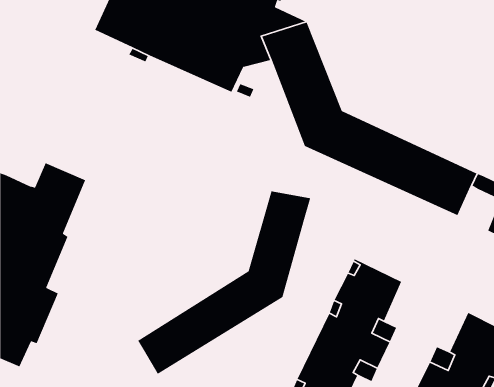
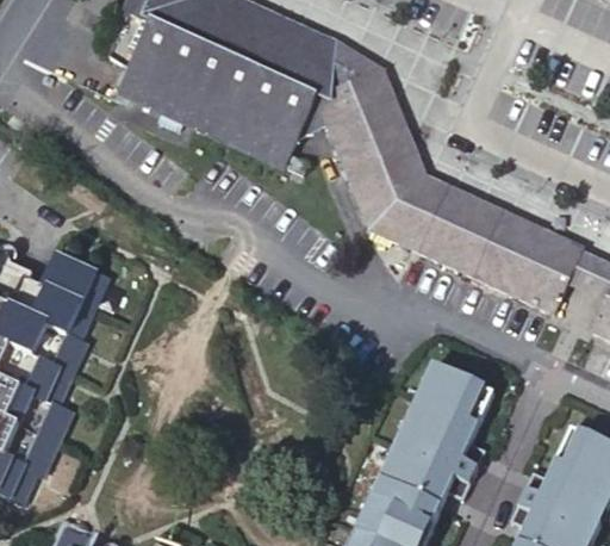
building: [137,191,311,375] -> none

